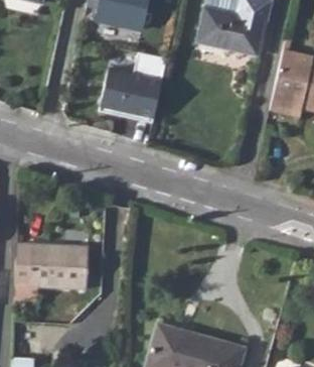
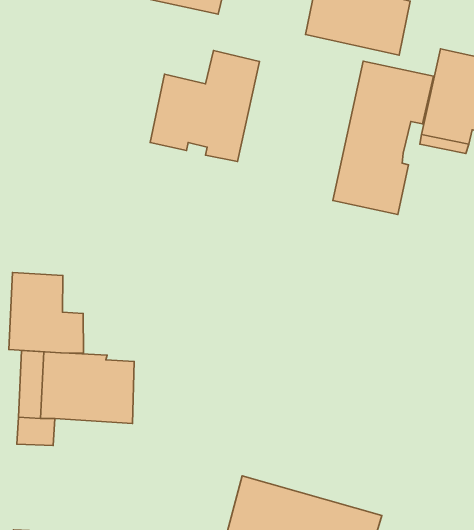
building: none -> [333,61,434,215]
building: none -> [9,272,83,353]

